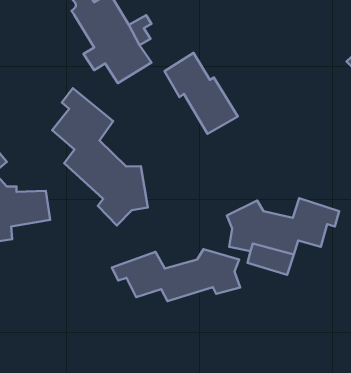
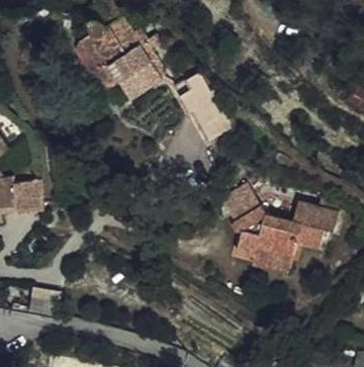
building: [52,88,148,226] -> none
building: [112,249,240,301] -> none

